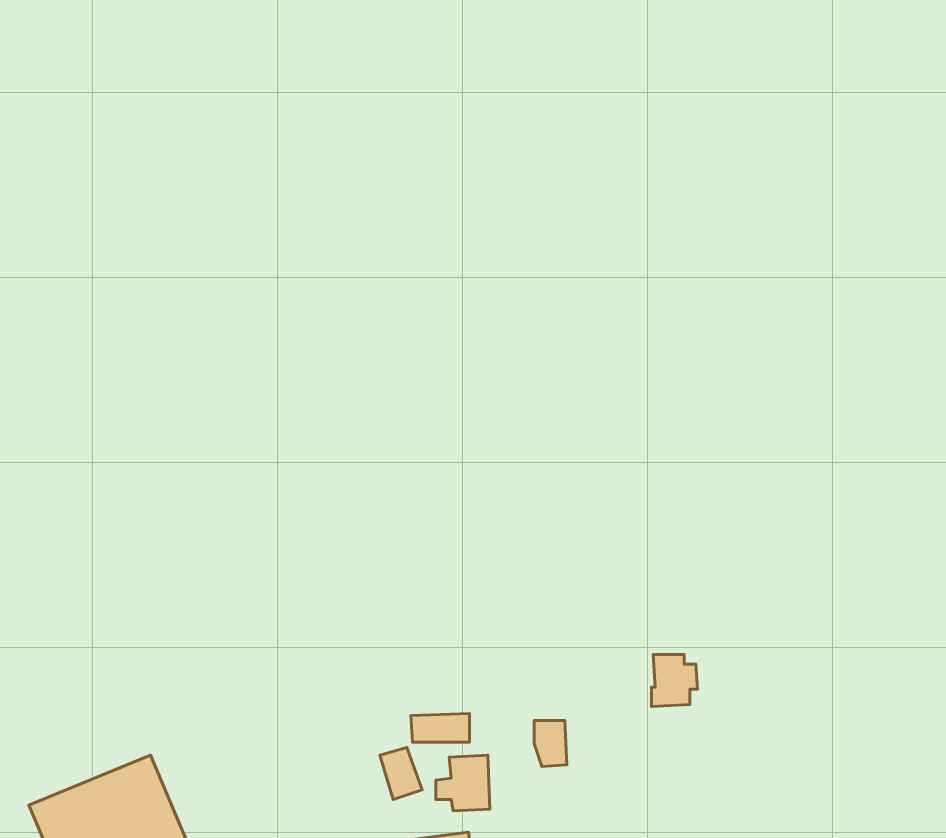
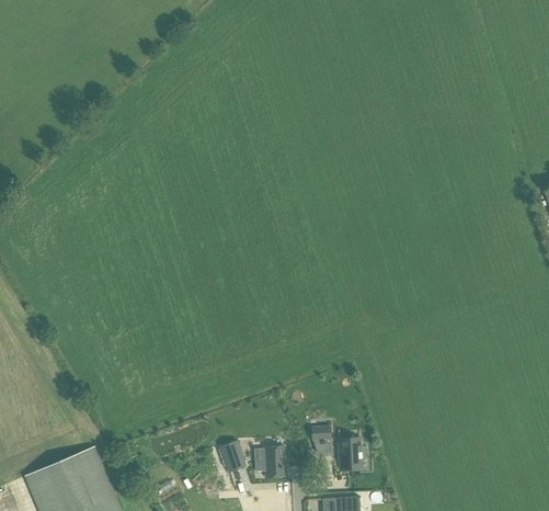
building: [651,654,698,706] -> [339,441,365,470]
building: [411,713,470,742] -> none

